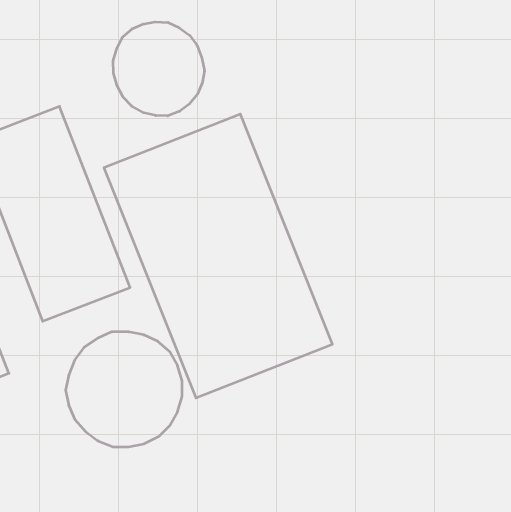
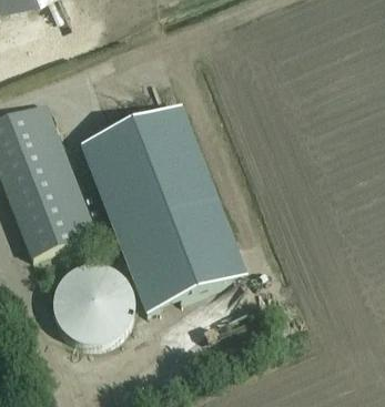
building: [113,22,204,116] -> none

